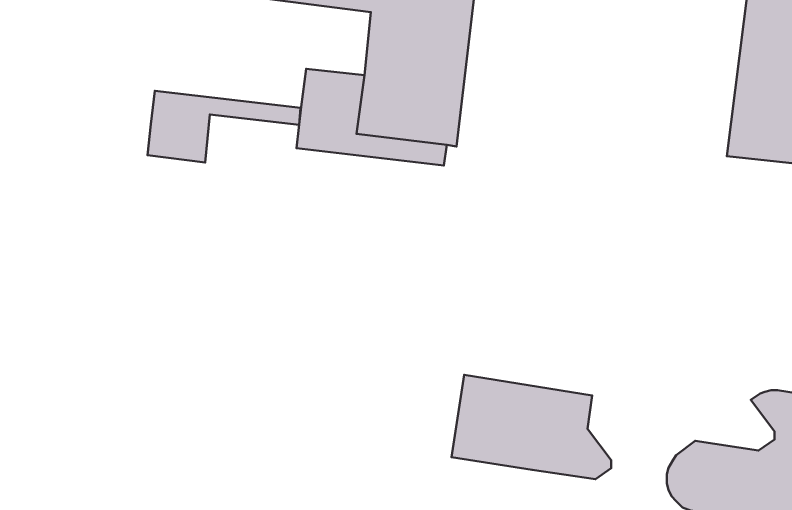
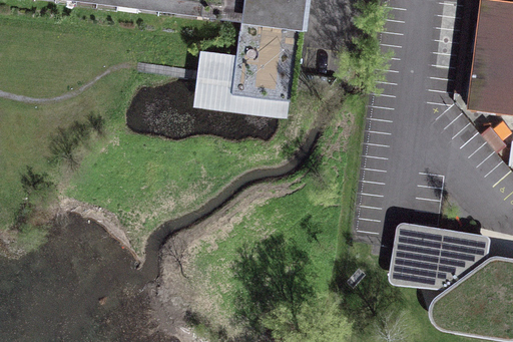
building: [147,91,300,163] -> none
building: [451,375,611,479] -> [396,228,497,294]

